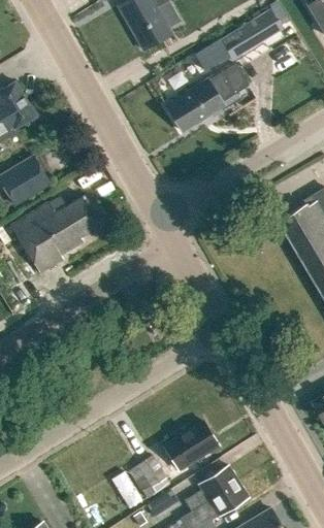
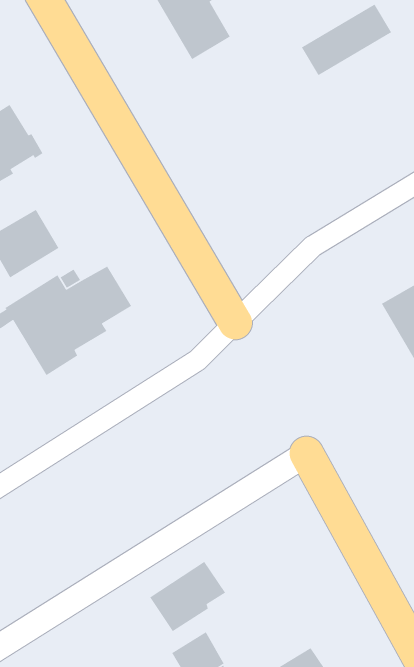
building: [195,40,230,72] -> none
building: [166,65,249,132] -> none
building: [163,420,218,470] -> [149,561,226,632]

